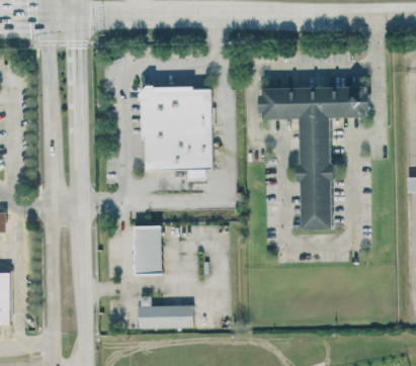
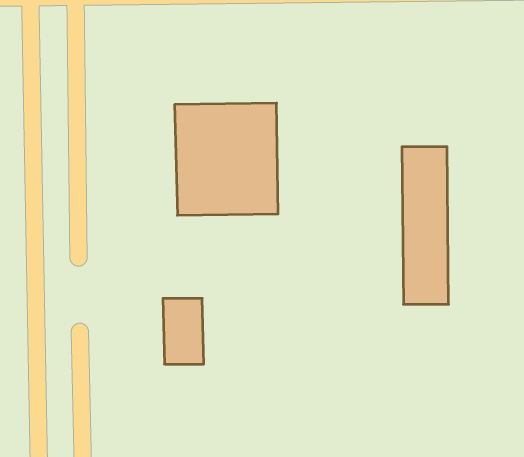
building: [263,87,373,115] -> none
building: [139,307,193,327] -> none

